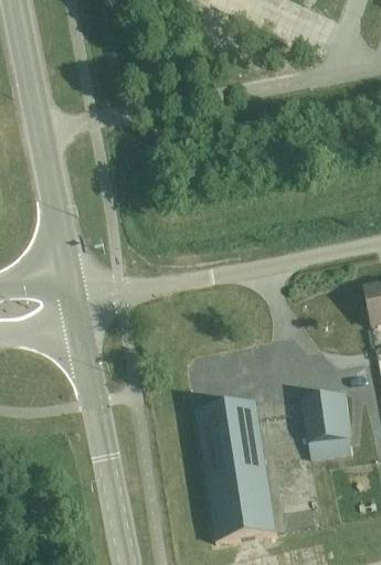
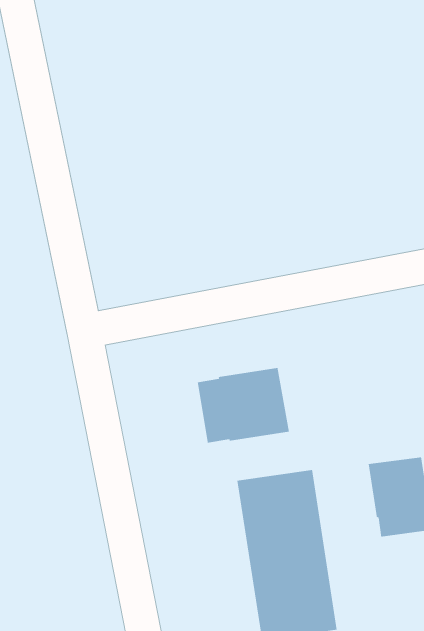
building: none -> [197,367,289,443]

